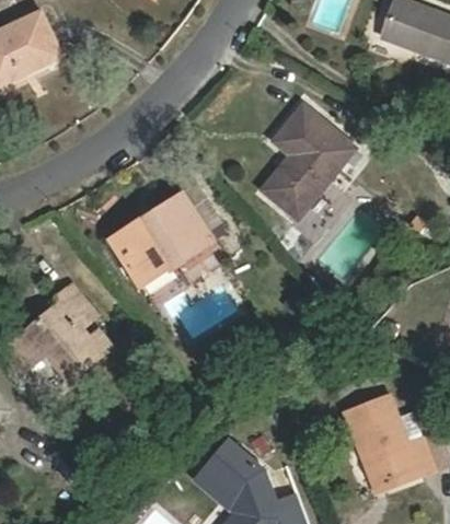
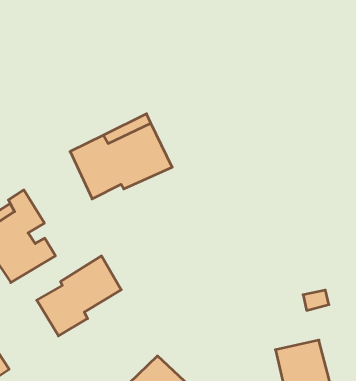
building: [264,106,354,220] -> none
building: none -> [37,256,121,336]

